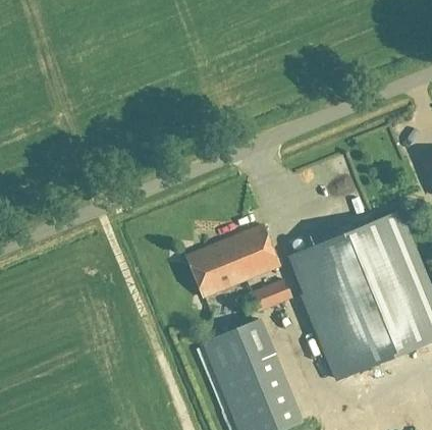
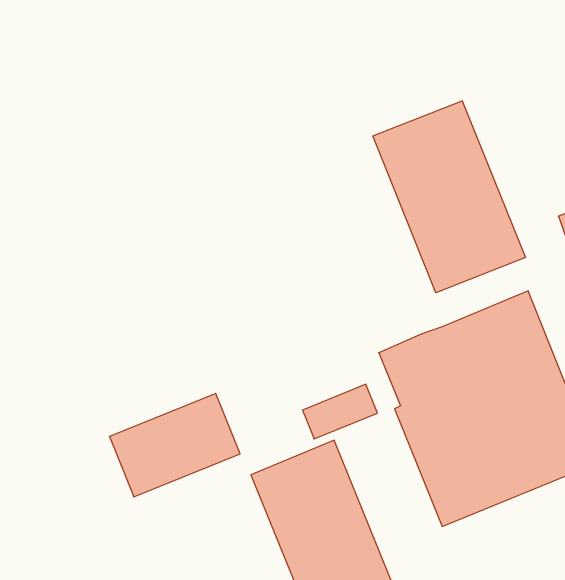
building: none -> [373,101,525,293]
building: [185,224,278,298] -> [109,393,240,497]

